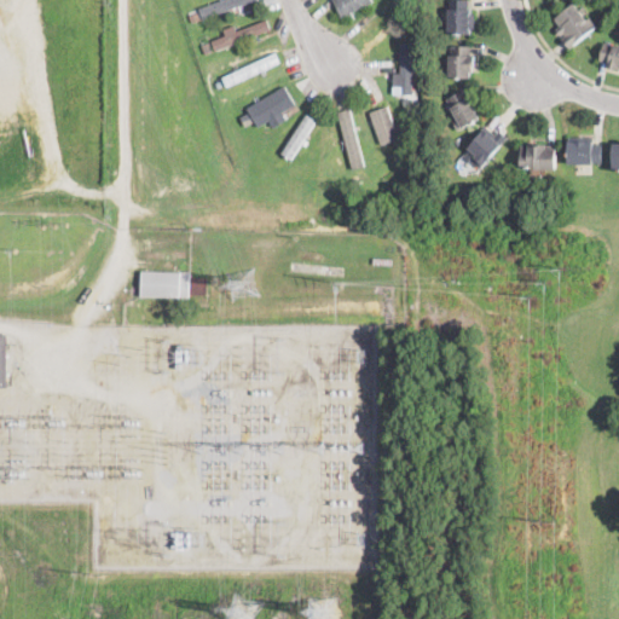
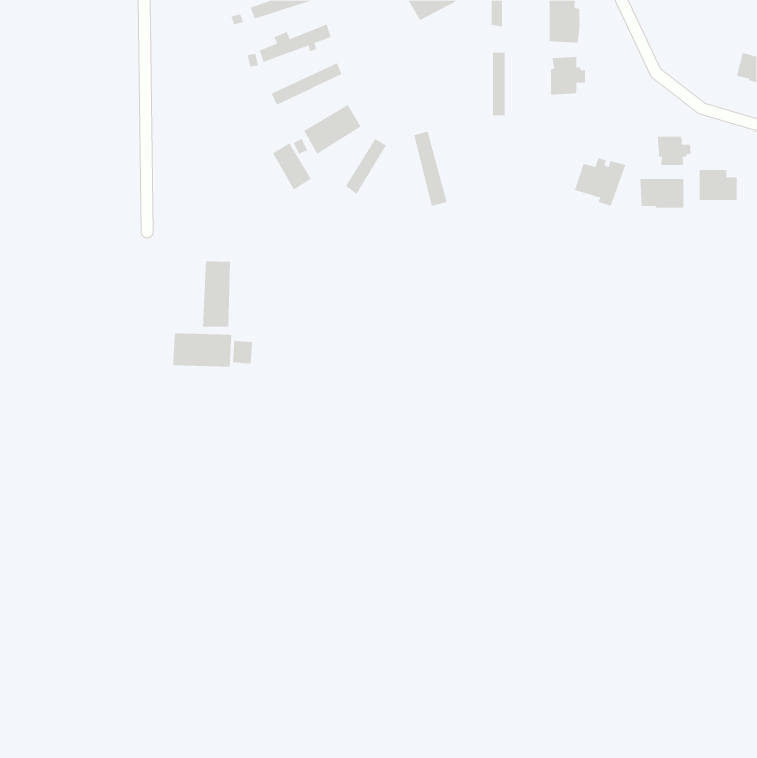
building: [554,6,596,51] -> none
building: [445,92,479,132] -> none
building: [368,103,401,146] -> none
building: none -> [657,136,691,166]
building: none -> [272,142,312,191]
building: none -> [203,261,230,327]

